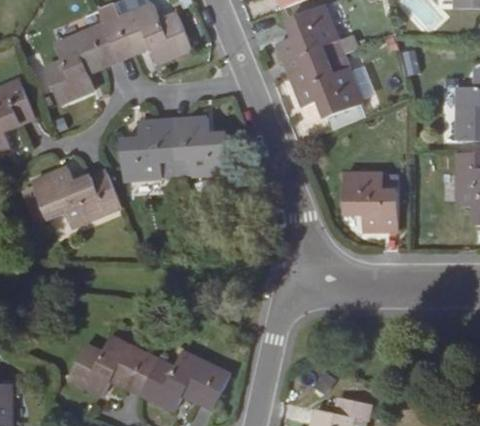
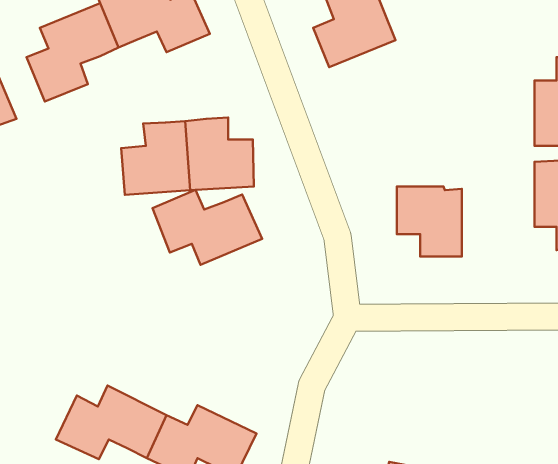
building: [289,54,362,118] -> none
building: [32,167,121,228] -> [153,190,262,265]

